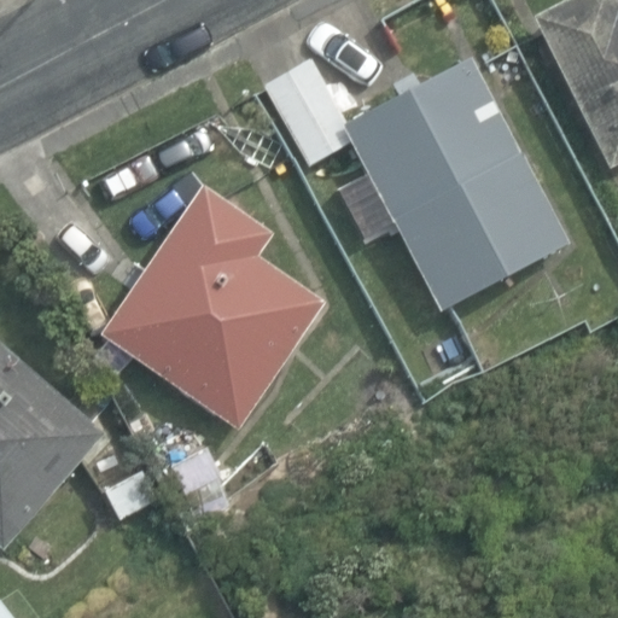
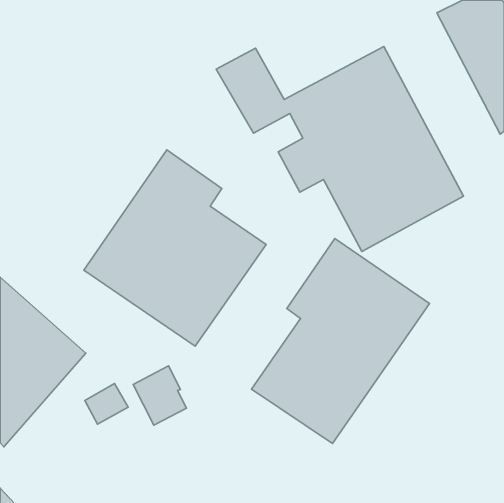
building: none -> [252,238,429,443]

